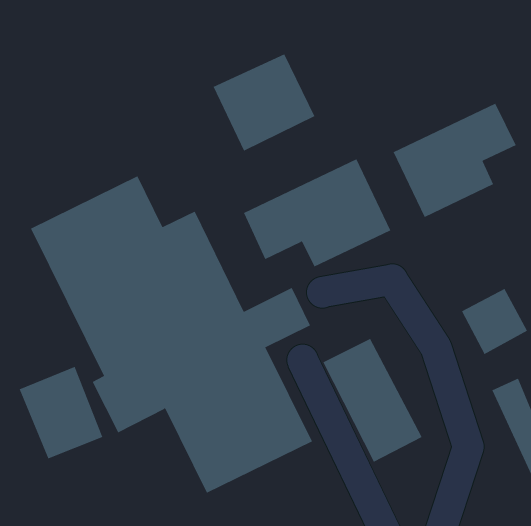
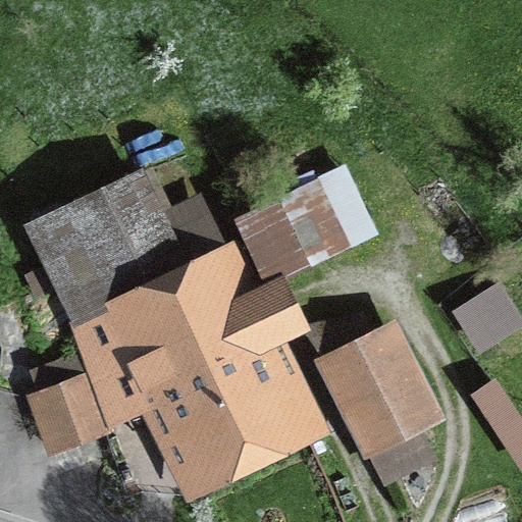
building: [213,53,315,151] -> none
building: [393,103,516,218] -> none

